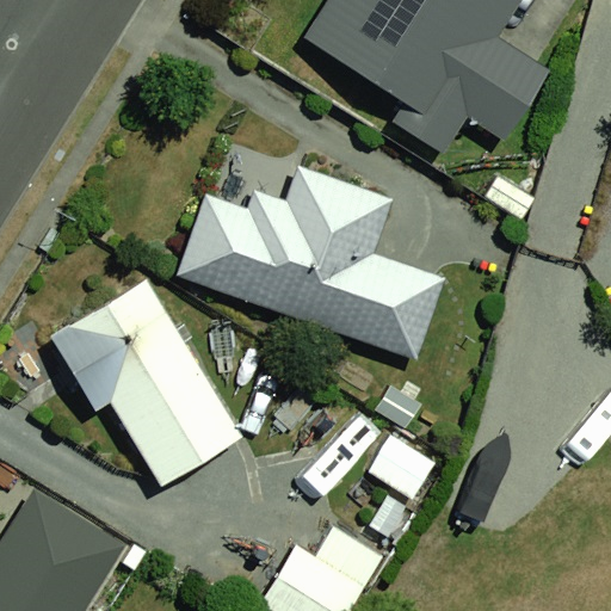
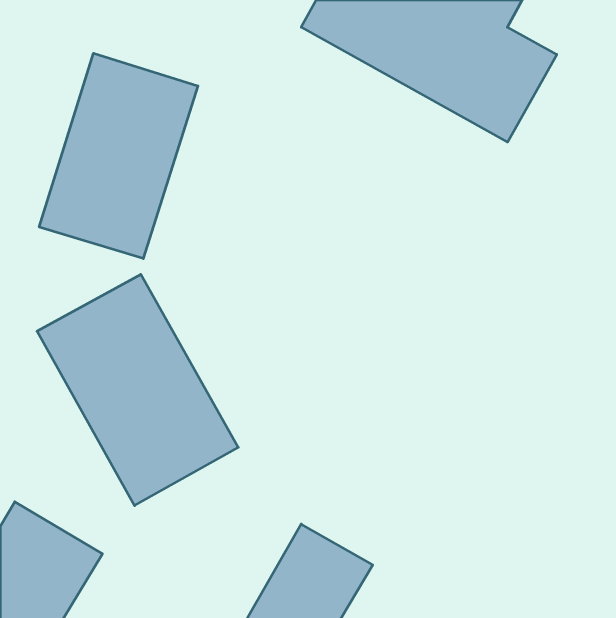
building: none -> [39,53,198,259]
building: [175,166,438,354] -> none

